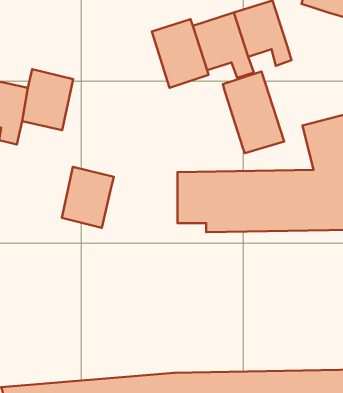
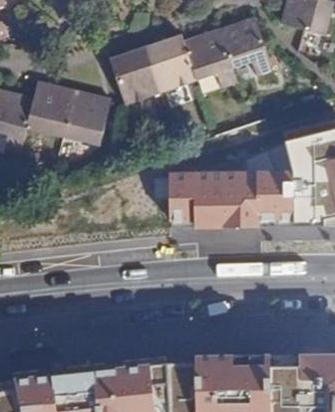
building: none -> [111,46,162,109]
building: [223,71,284,153] -> none
building: [62,167,114,228] -> [65,89,112,145]

